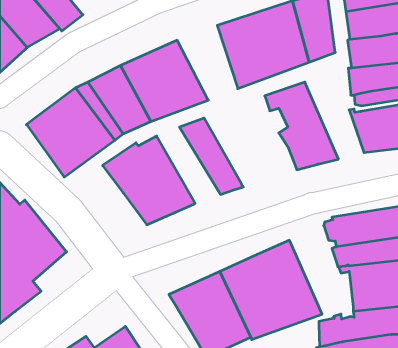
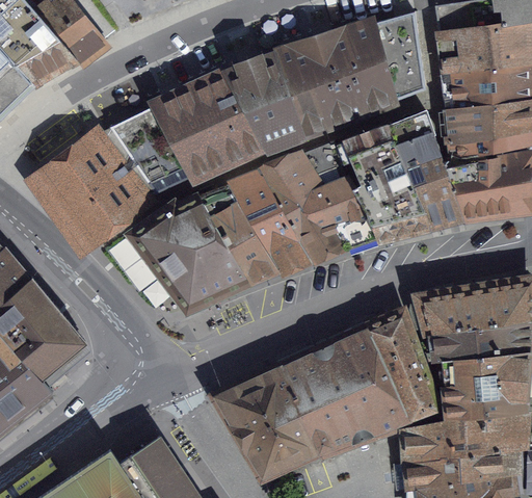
building: none -> [225,56,302,151]
building: none -> [388,111,462,226]
building: none -> [260,142,377,258]
building: none -> [200,185,281,282]
building: none -> [368,313,438,422]

